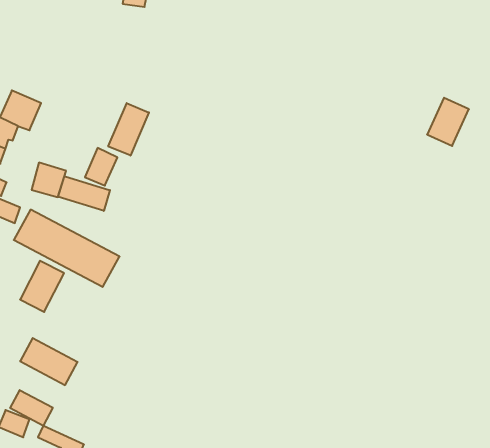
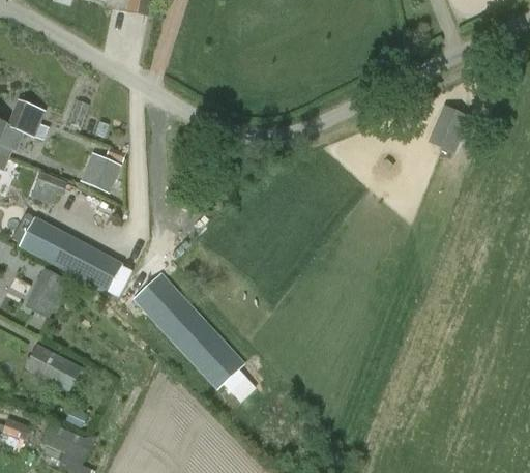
building: [108,103,149,156] -> none
building: [58,176,110,211] -> none
building: none -> [129,272,245,391]
building: [10,390,53,426] -> none

